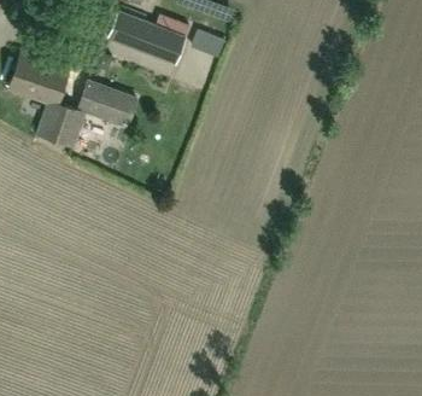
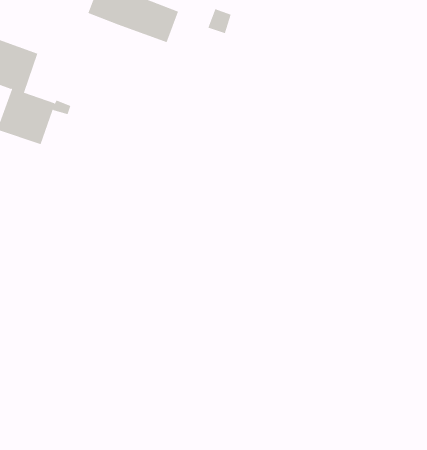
building: [83,85,135,124] -> none

